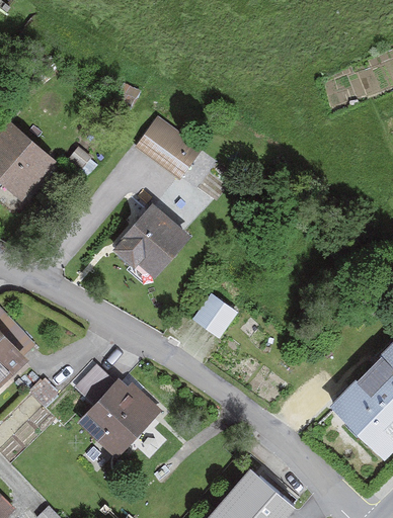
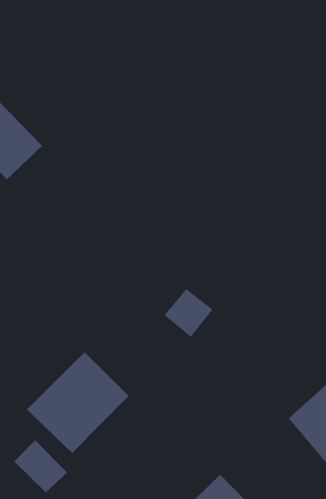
building: [136,122,196,178] -> none
building: [111,198,194,281] -> none
building: none -> [14,440,68,493]

